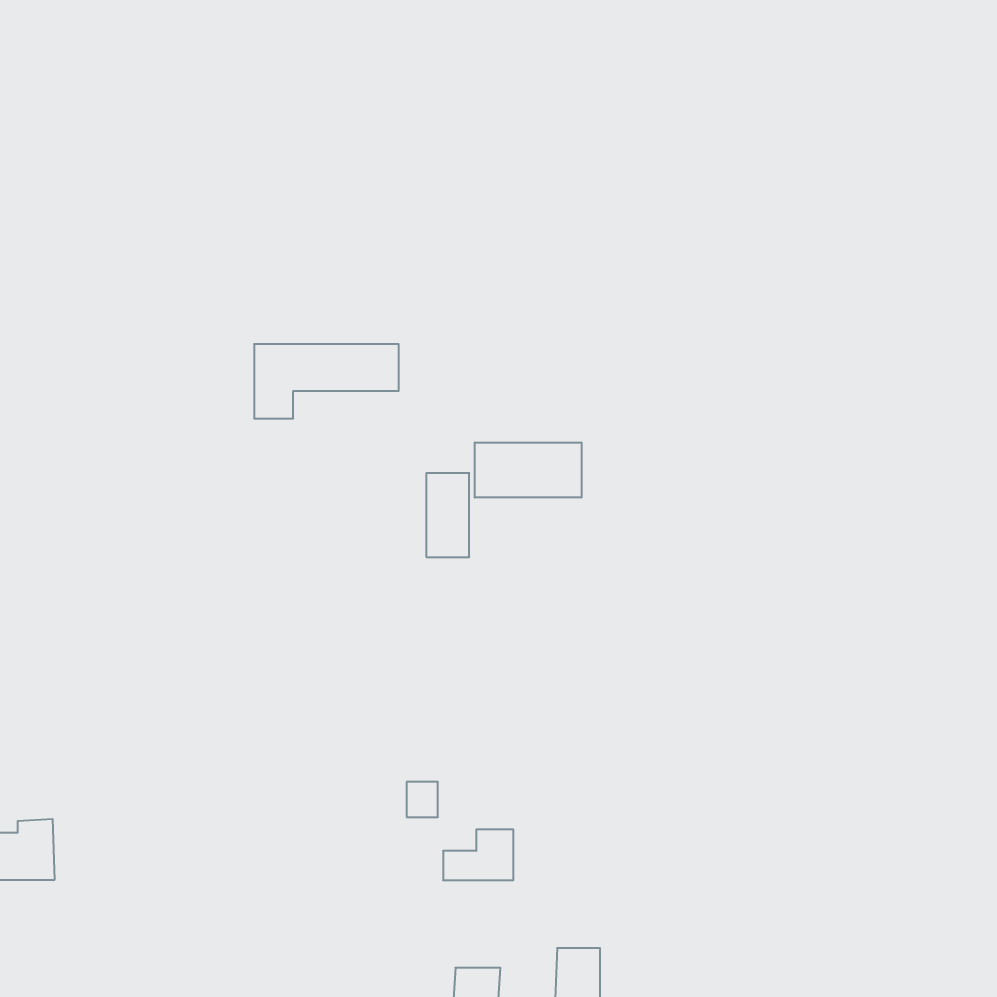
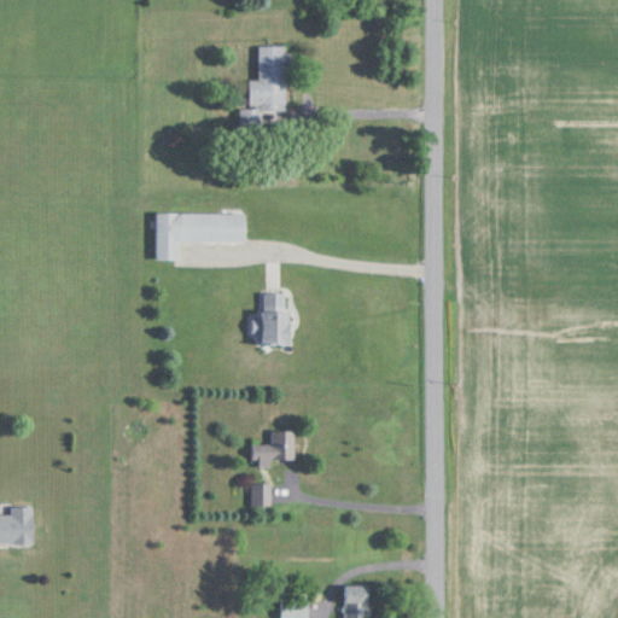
building: none -> [249,46,285,109]
building: [475,442,581,498] -> none
building: [443,829,513,880] -> [251,432,295,464]

